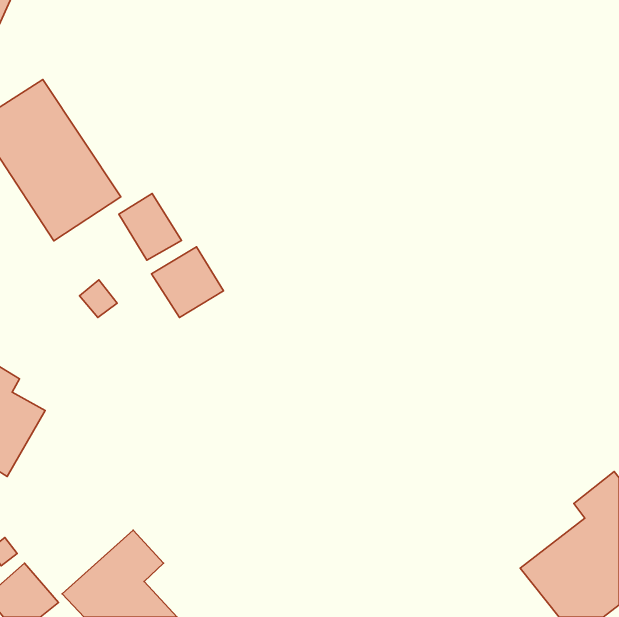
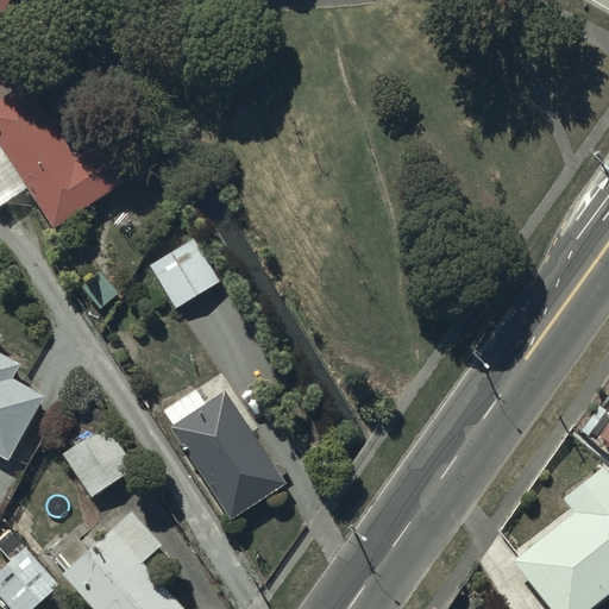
building: [119,194,181,260] -> none
building: none -> [172,393,287,520]
building: none -> [63,428,133,498]

